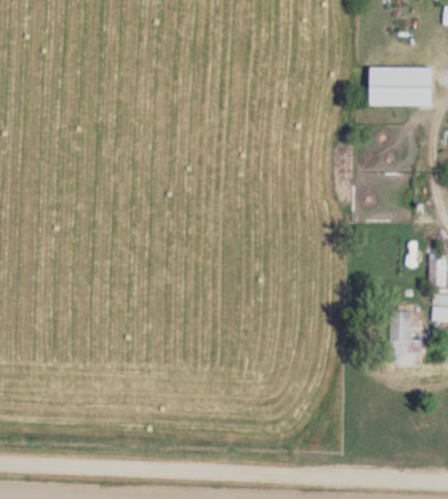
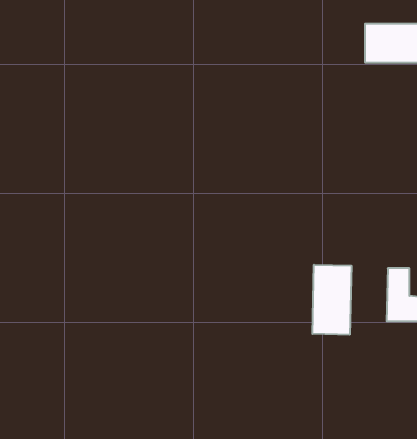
building: none -> [312,265,351,335]

